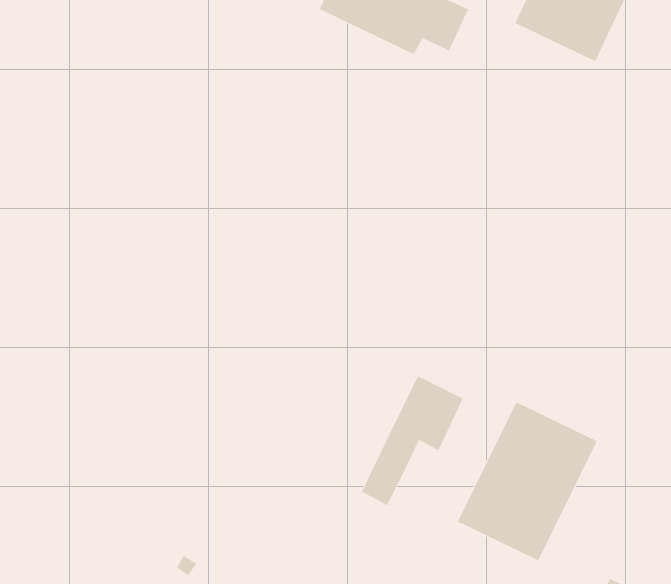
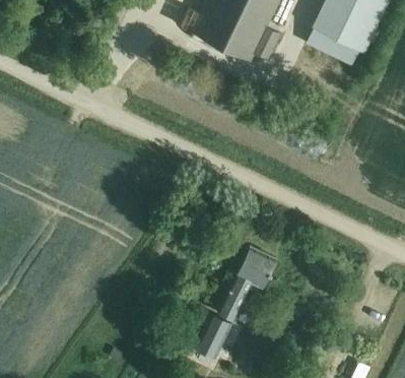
building: [457,402,597,561] -> none
building: none -> [194,317,232,361]

